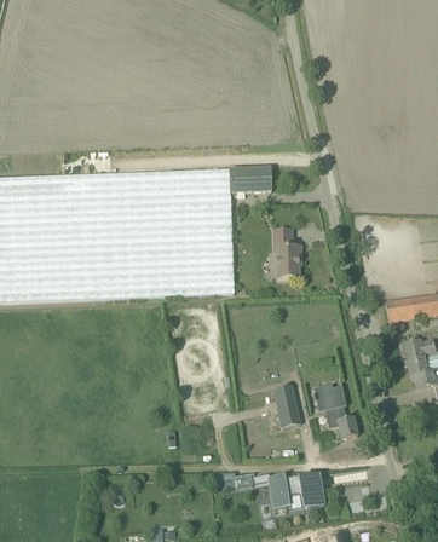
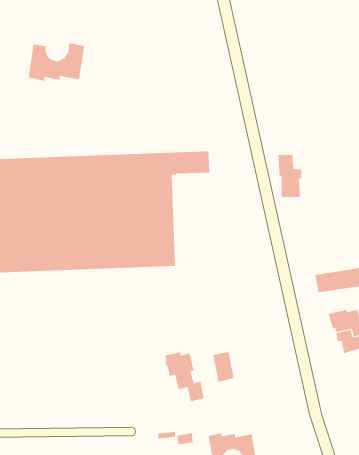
building: none -> [28,43,86,82]
building: [273,229,300,276] -> [278,154,302,198]
building: [313,384,357,438] -> [165,352,205,402]

